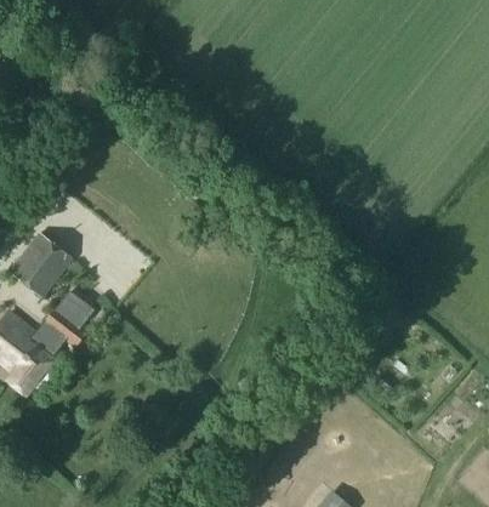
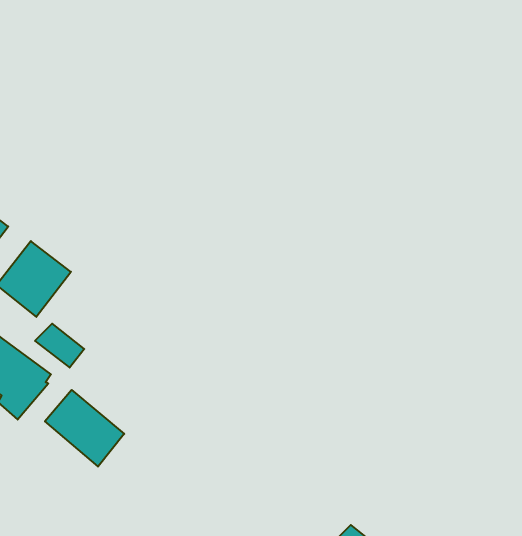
building: none -> [45,390,124,467]

